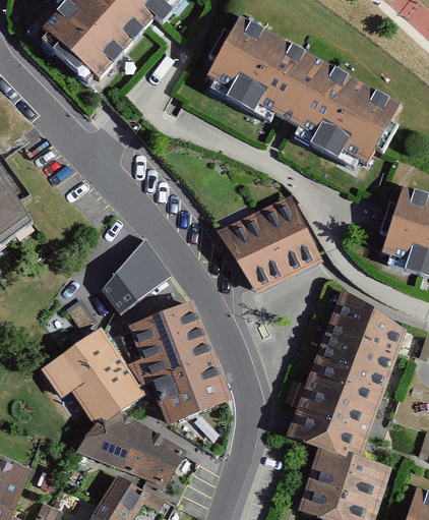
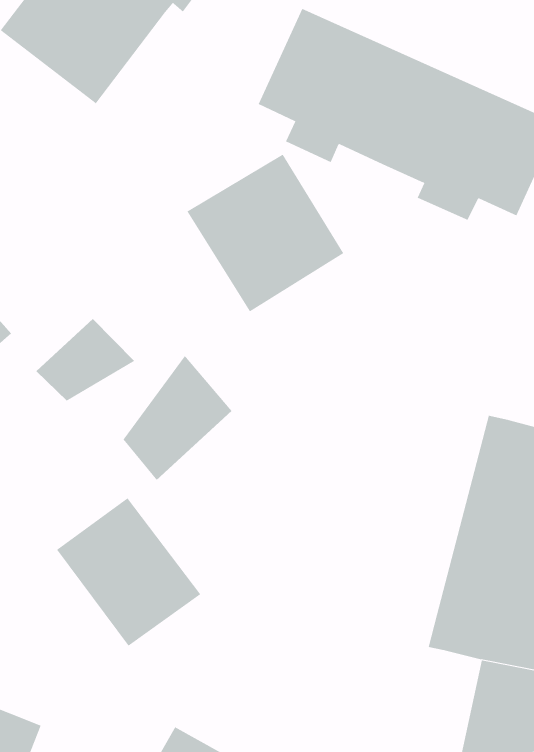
building: [221,196,319,296] -> [187,154,344,312]
building: none -> [36,318,135,402]
building: [111,301,229,425] -> none
building: [76,411,185,486] -> none

